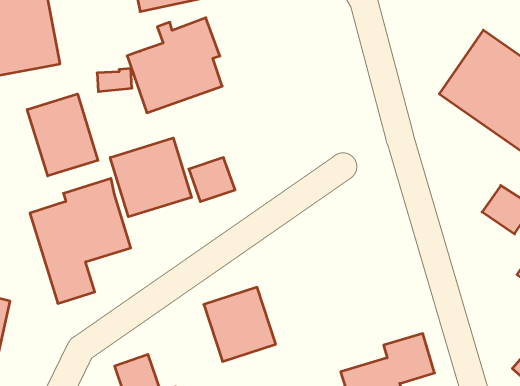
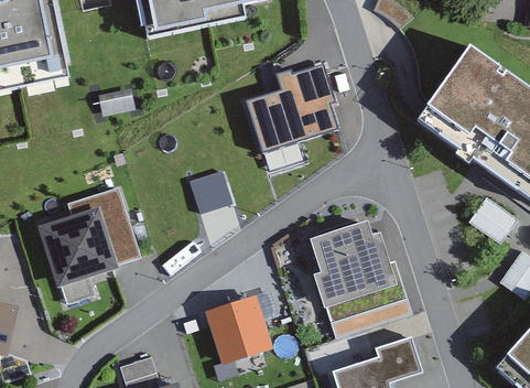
building: [127,18,222,113] -> [246,64,336,154]
building: [27,94,98,176] -> none
building: [110,138,192,217] -> none
building: none -> [313,224,408,324]

